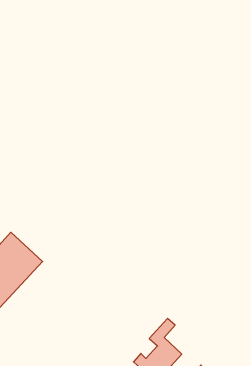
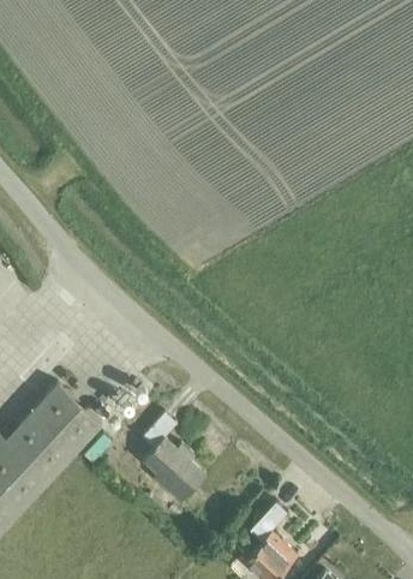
building: none -> [144,414,206,503]

